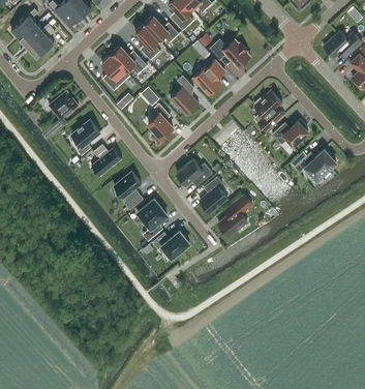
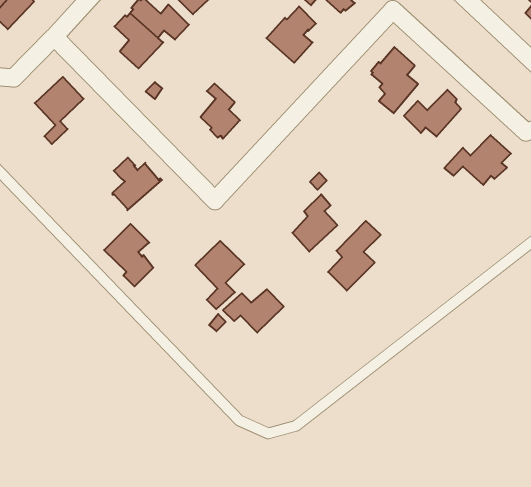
building: [171,74,199,115] -> none
building: [71,118,99,154] -> none
building: [177,158,213,183] -> none
building: [114,171,143,209] -> [104,224,153,286]

